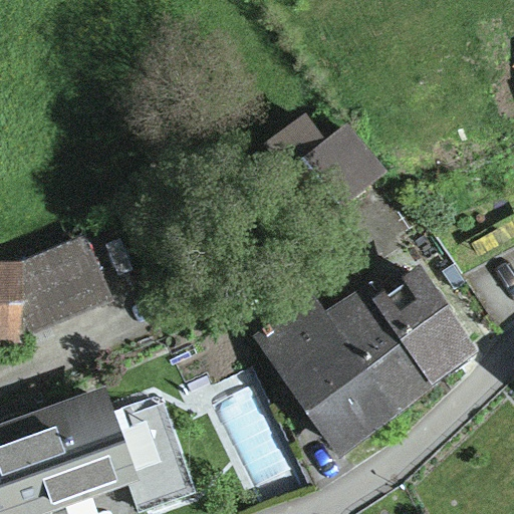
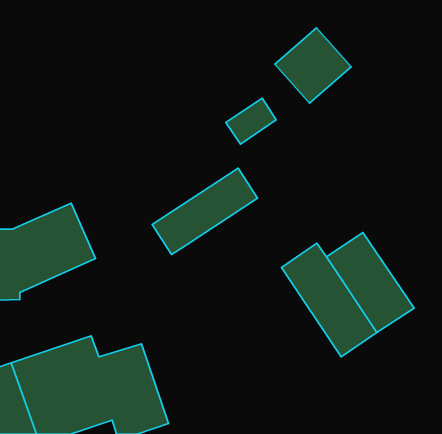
building: [297,123,386,211] -> [275,28,351,103]
building: none -> [152,168,258,255]
building: [246,279,395,453] -> none

